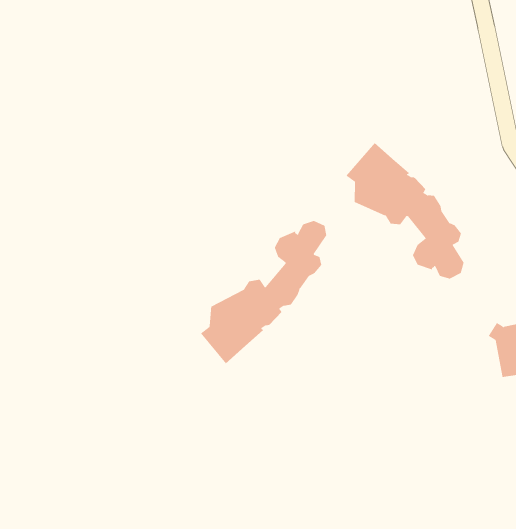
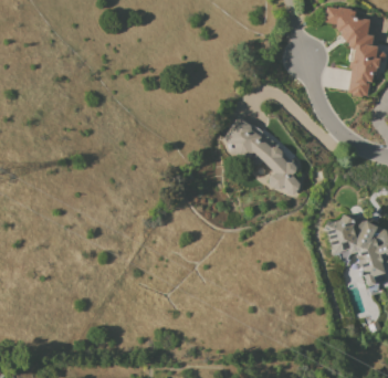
building: [200,220,327,364] -> none

